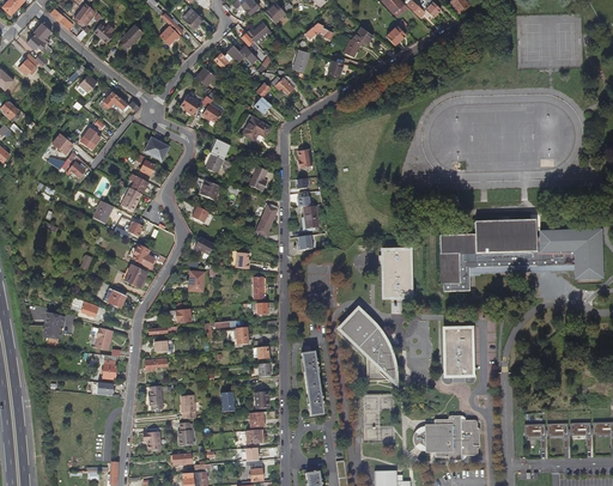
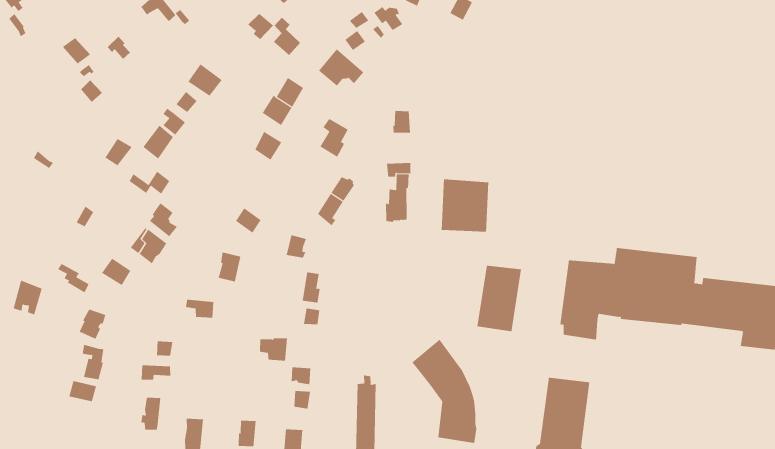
building: none -> [441,179,489,232]

